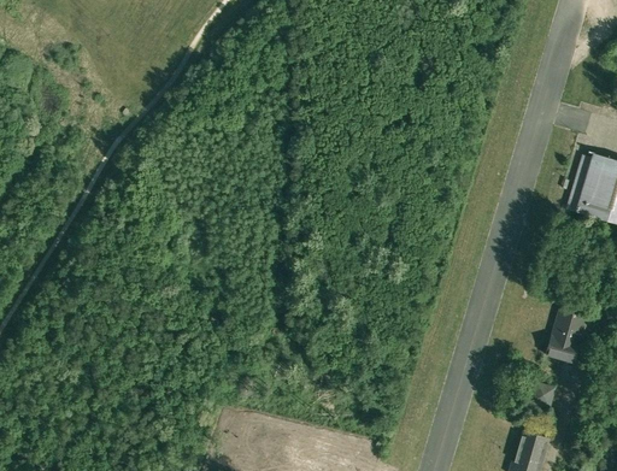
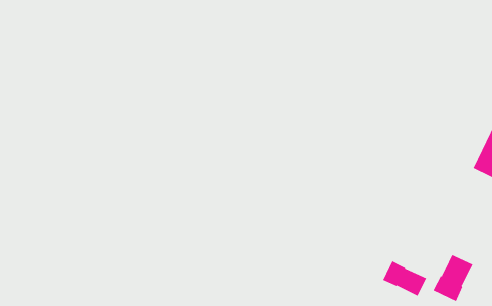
building: none -> [382,260,427,297]

